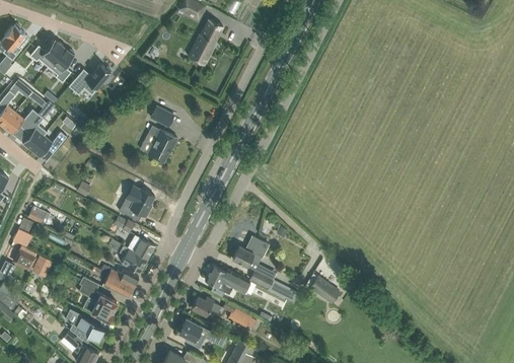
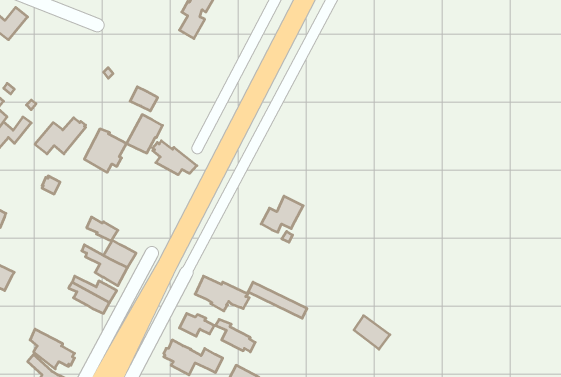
building: [48,48,74,83] -> none
building: [68,65,111,95] -> [35,118,86,154]
building: none -> [153,141,197,175]
building: [119,186,154,222] -> [84,129,126,172]
building: [232,236,268,267] -> [261,196,303,232]
building: [309,276,340,304] -> [354,316,390,349]
building: [79,277,117,321] -> none

